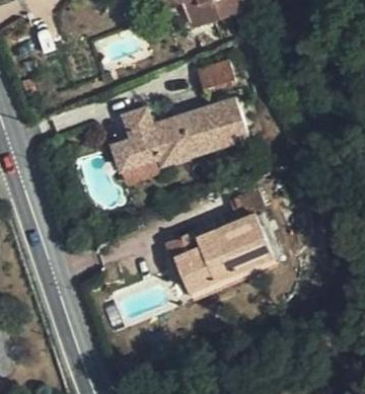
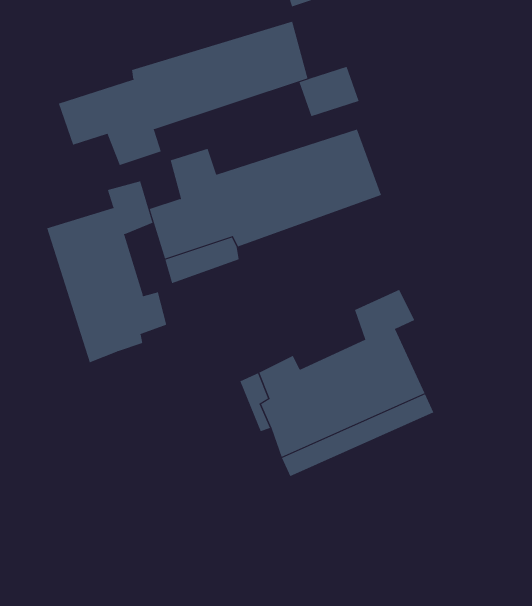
building: none -> [58,21,308,166]
building: none -> [47,181,167,363]

